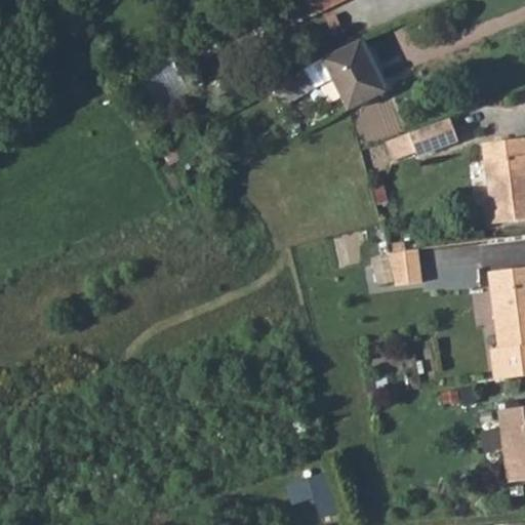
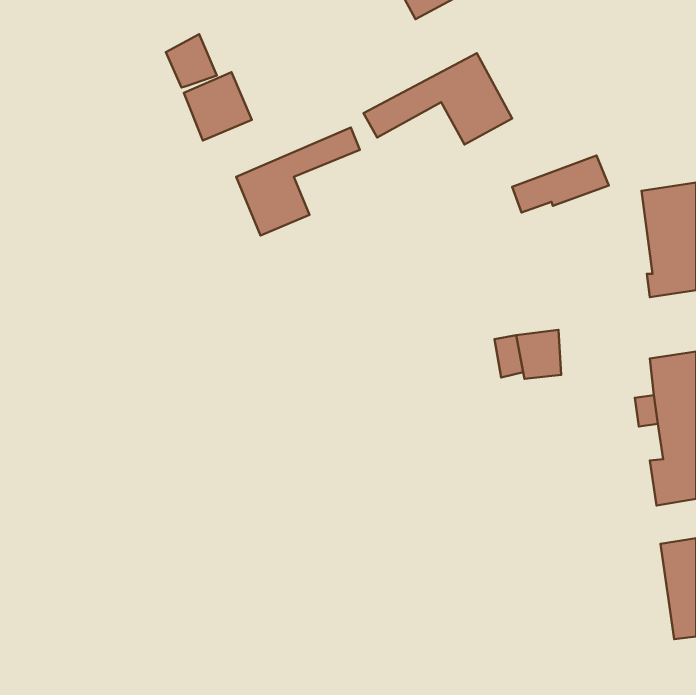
building: none -> [166,34,217,88]
building: none -> [236,128,360,235]
building: [289,472,341,517] -> none

